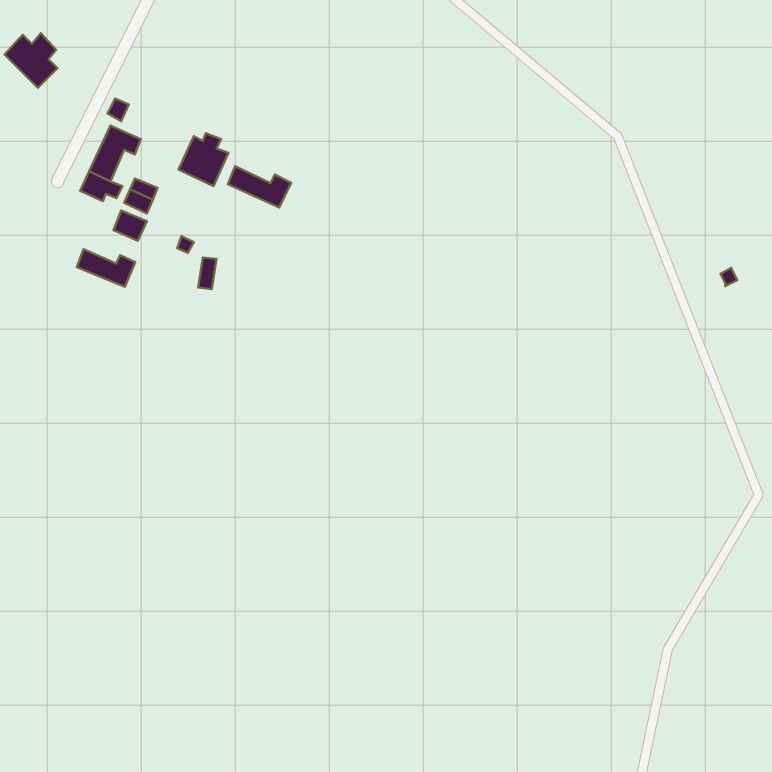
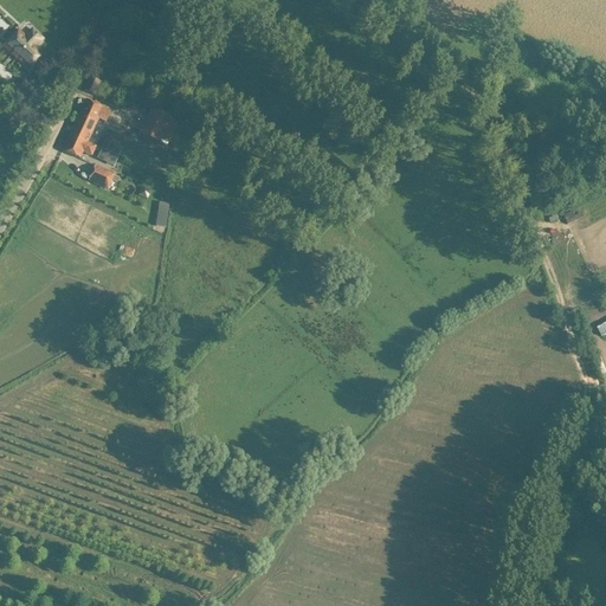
building: [228,166,291,208] -> none
building: [77,249,135,287] -> none

